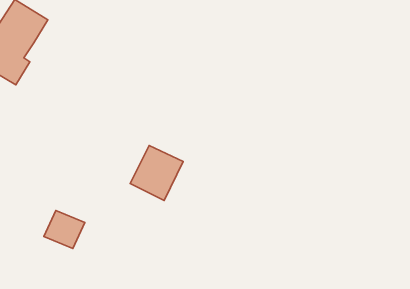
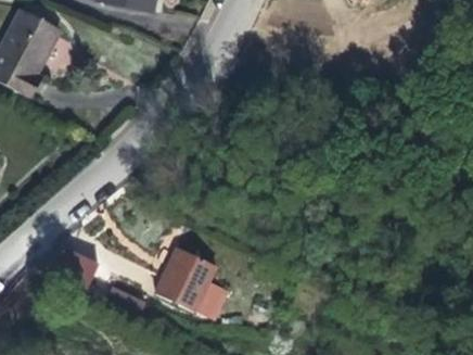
building: [130,145,183,200] -> [162,254,219,314]

